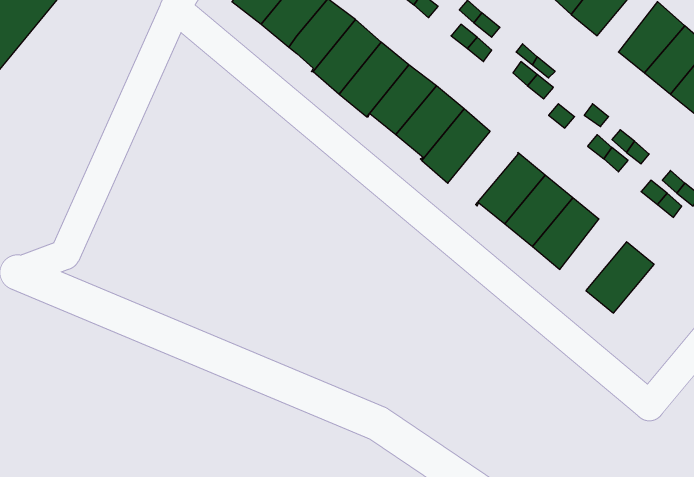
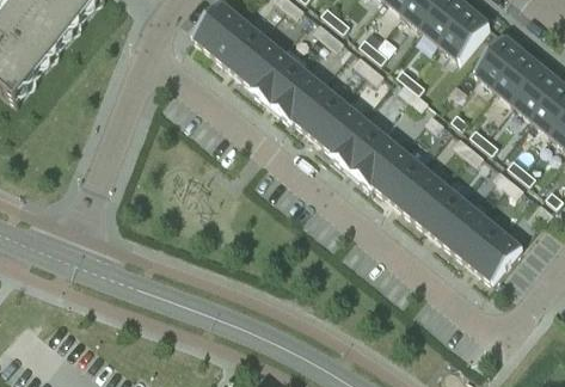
building: none -> [348,129,399,183]
building: none -> [430,194,479,246]
building: none -> [469,227,520,280]

